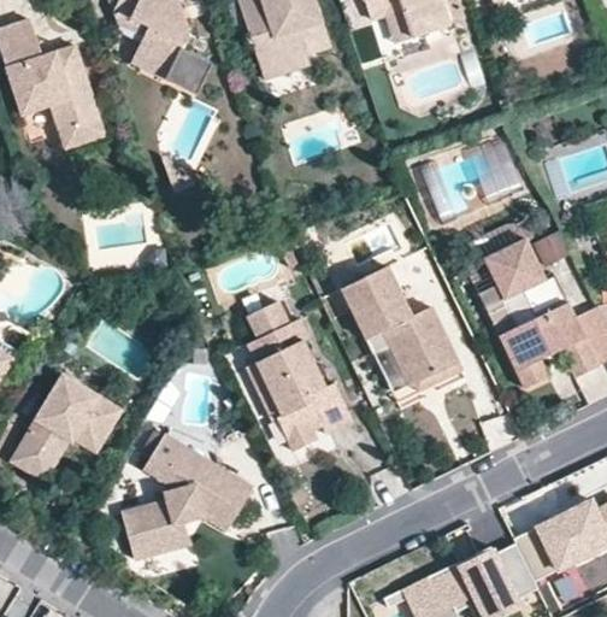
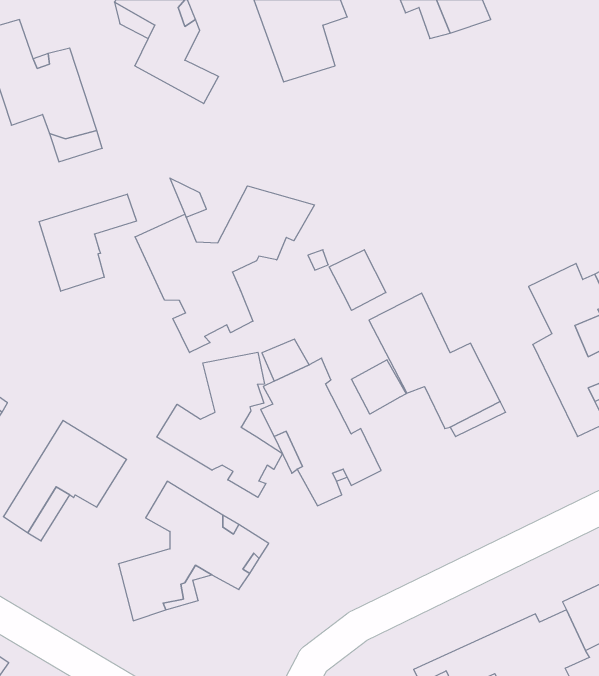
building: none -> [135,186,314,353]
building: none -> [39,194,137,291]
building: none -> [329,250,386,310]
building: none -> [157,352,282,497]
building: none -> [351,360,406,414]

